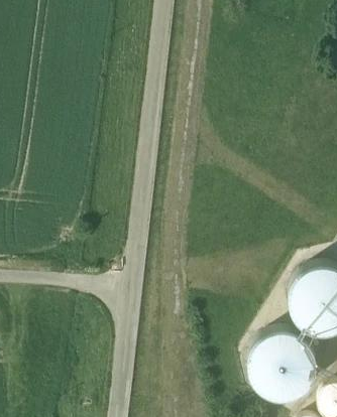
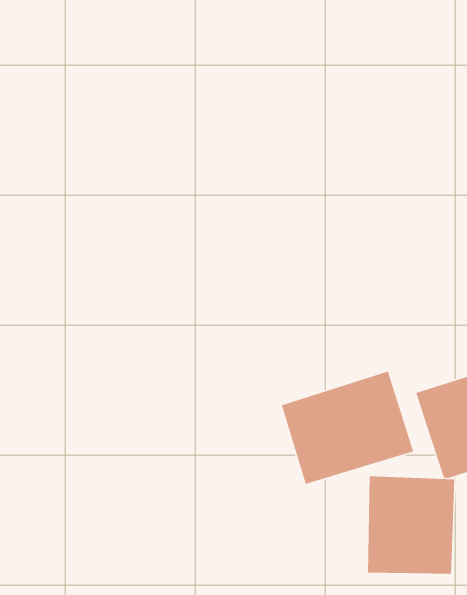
building: none -> [281,371,414,485]

